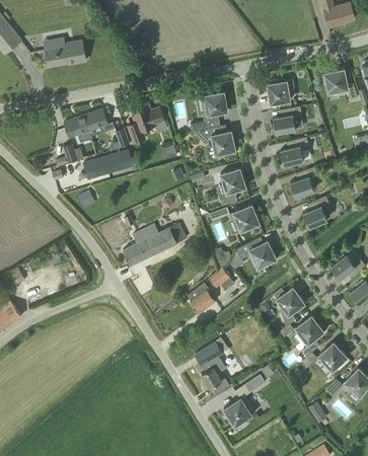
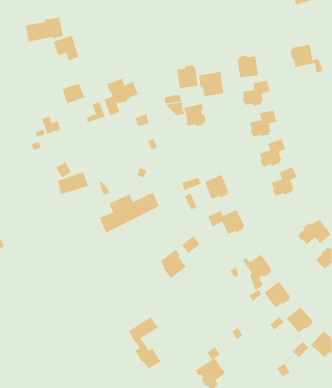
building: none -> [198,71,224,97]
building: [64,116,91,143] -> [53,35,79,61]
building: [90,154,124,178] -> [57,172,89,195]
building: [220,168,245,194] -> none
building: [195,339,230,394] -> [128,317,162,369]

